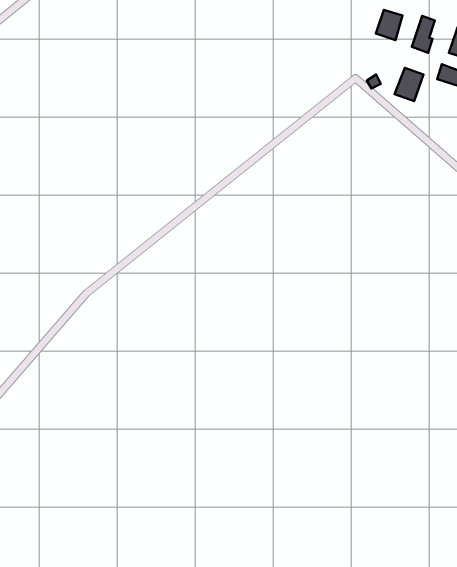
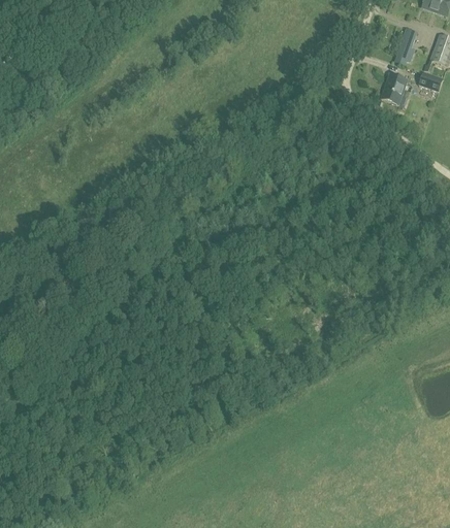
building: [376,10,403,40] -> none

